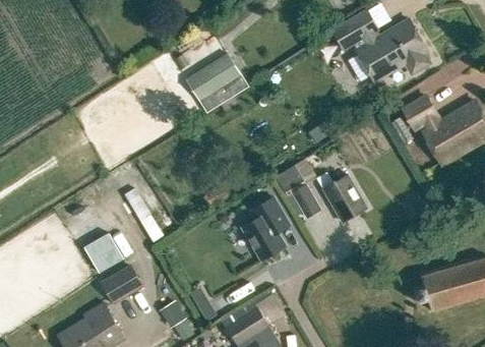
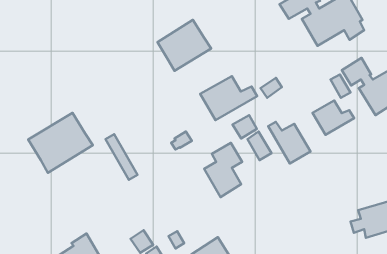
building: none -> [200,76,257,120]
building: none -> [313,100,354,135]
building: none -> [28,113,93,173]
building: [83,231,124,272] -> none
building: [101,264,143,303] -> none

